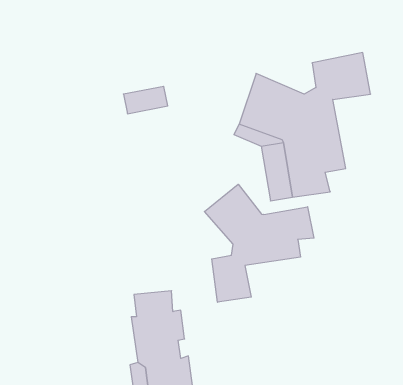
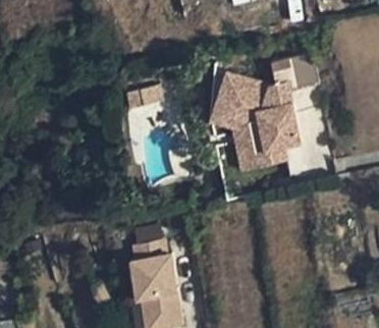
building: [204,184,314,302] -> none

